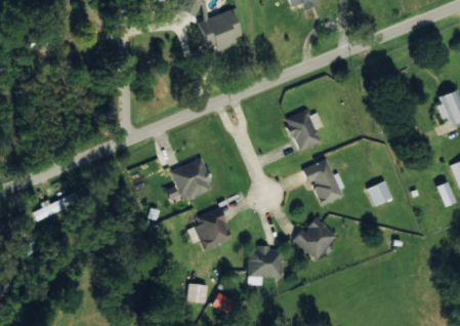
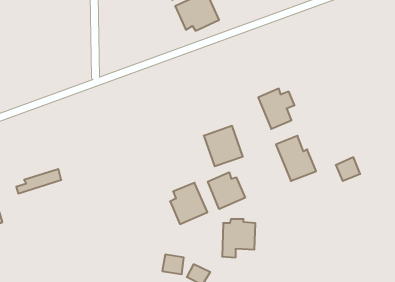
building: [172,159,213,201] -> [204,126,243,166]
building: none -> [208,172,245,209]
building: [293,218,337,260] -> none

